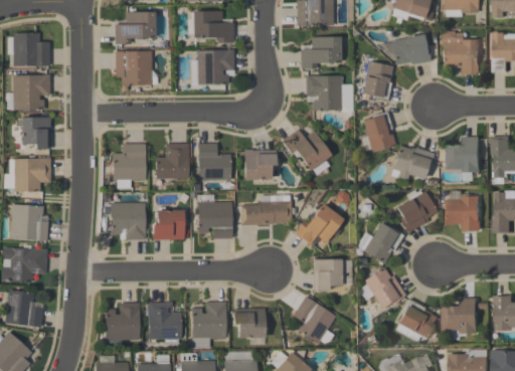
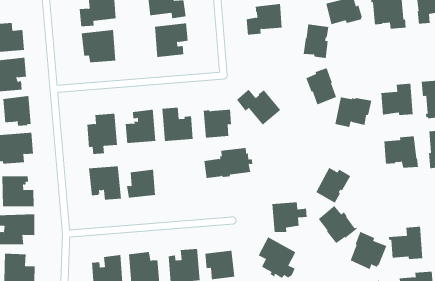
building: [306,75,343,111] -> none
building: [396,189,438,233] -> none
building: [198,202,232,238] -> none
building: [295,203,344,245] -> none

